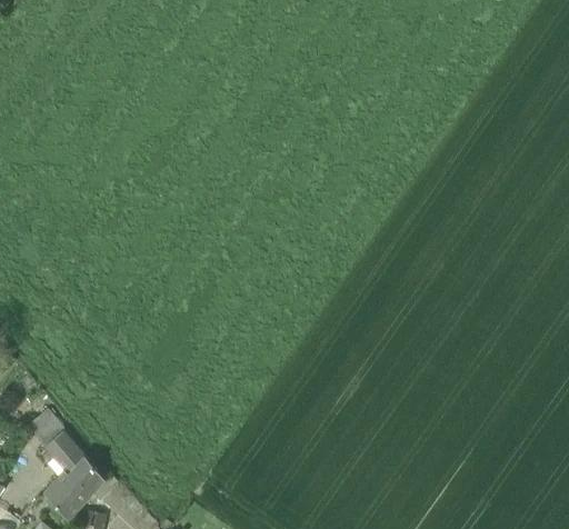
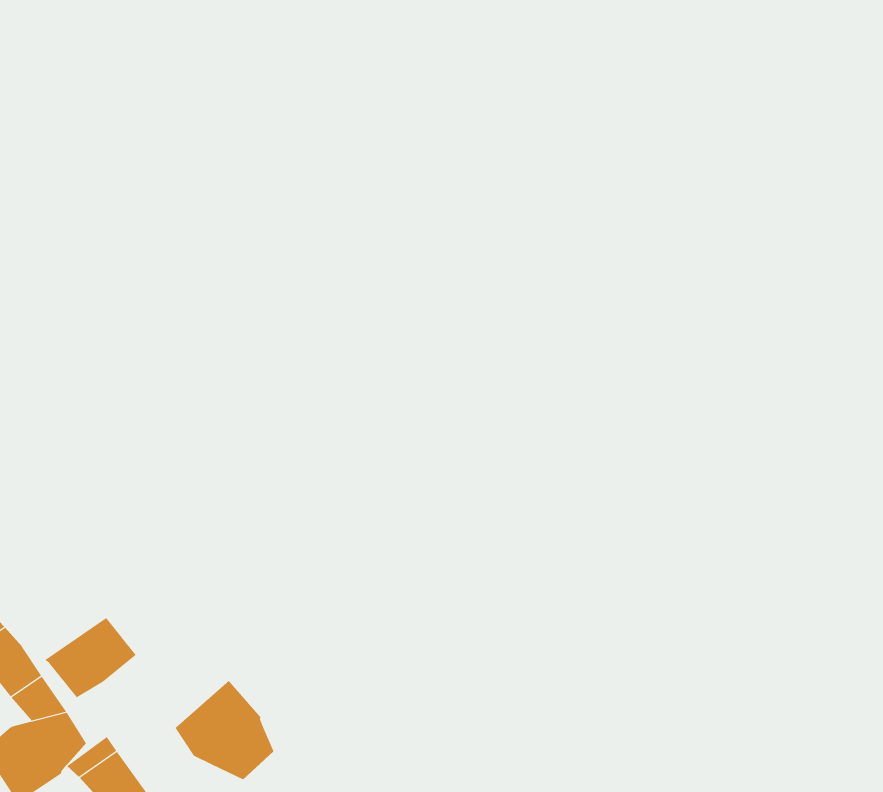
building: none -> [44,617,136,698]
building: none -> [175,680,274,780]

